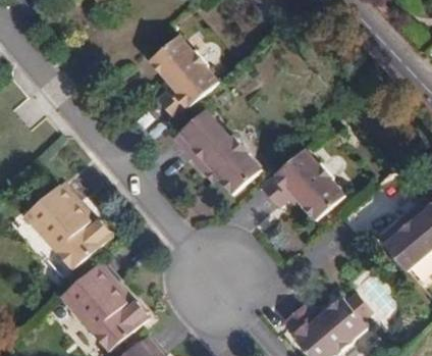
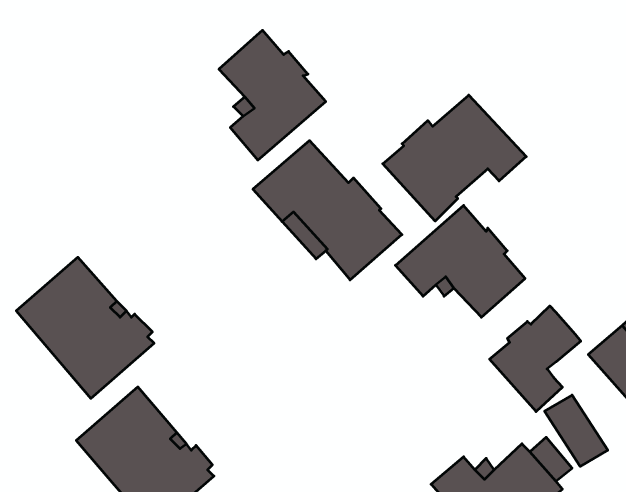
building: none -> [383,95,526,221]
building: none -> [490,306,581,412]

